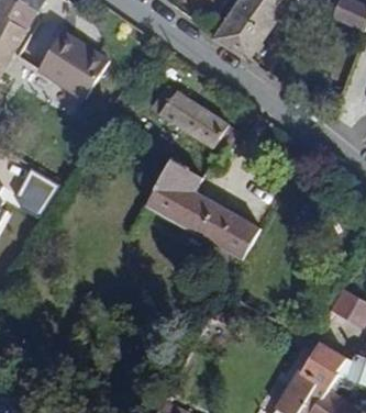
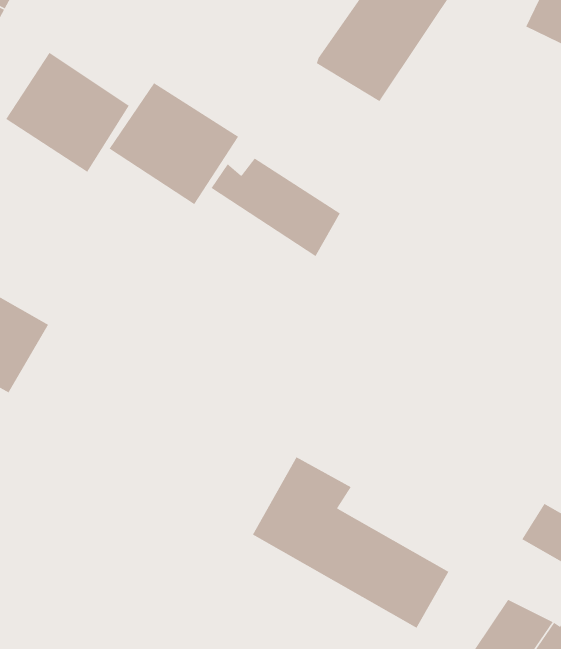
building: none -> [108,82,239,205]
building: [146,160,259,259] -> [252,456,450,629]

